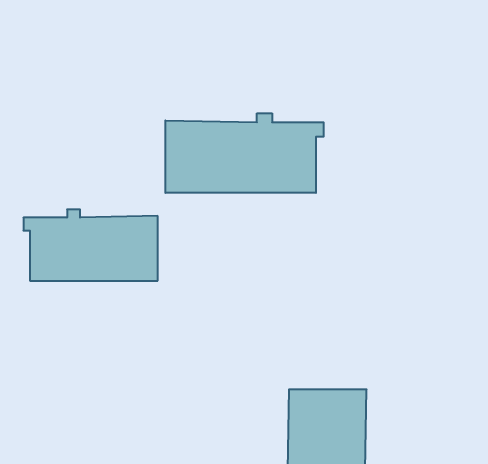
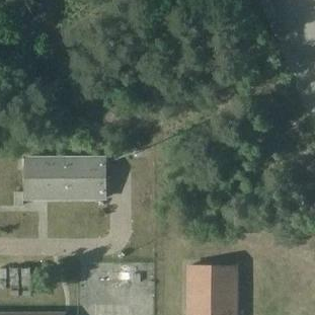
building: [165,113,324,193] -> none

